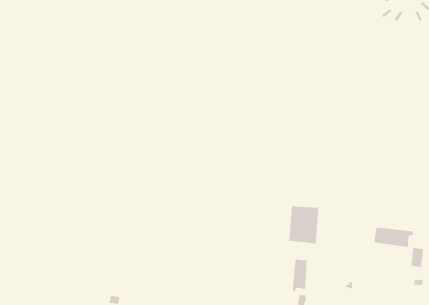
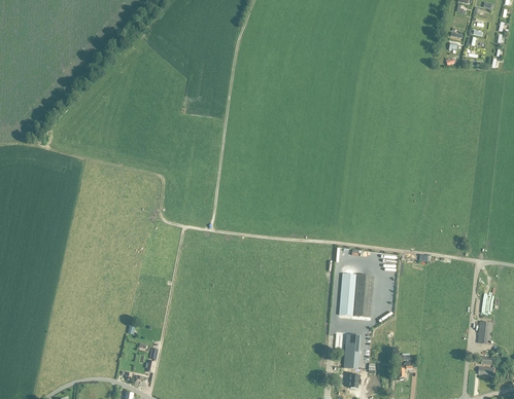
building: [374,227,414,248] -> none

